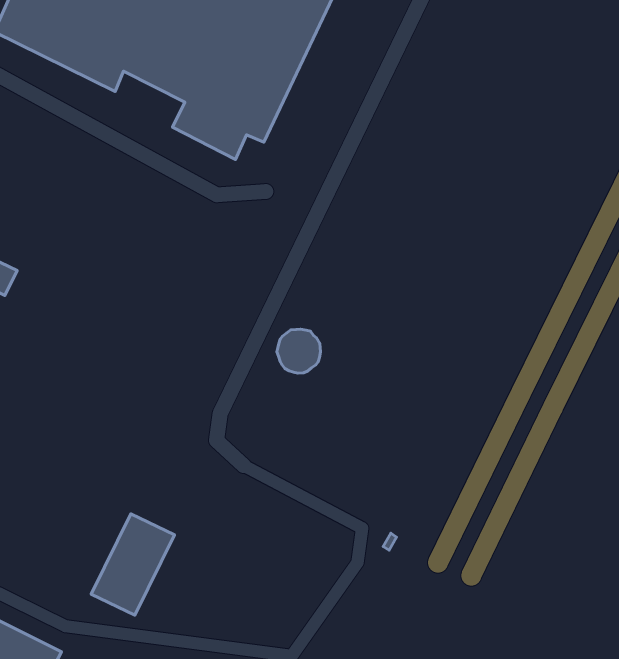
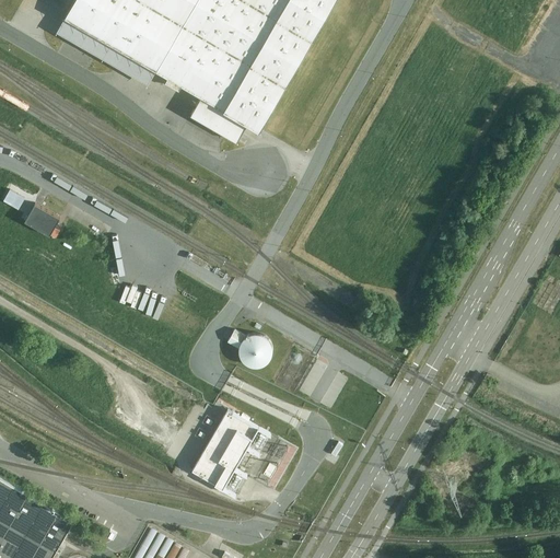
building: [277,329,320,373] -> [237,333,271,367]
building: [91,514,175,615] -> [191,409,259,488]

